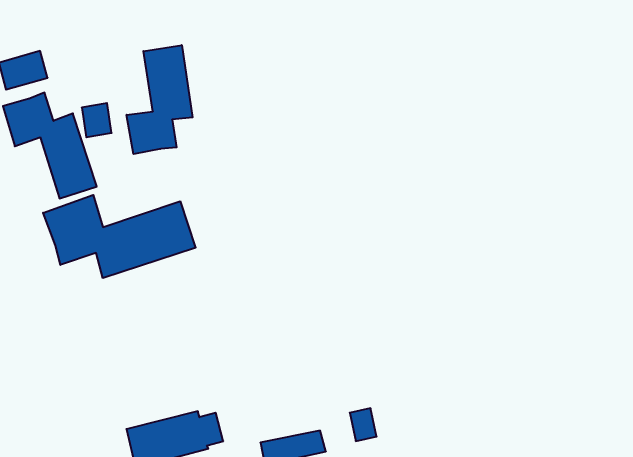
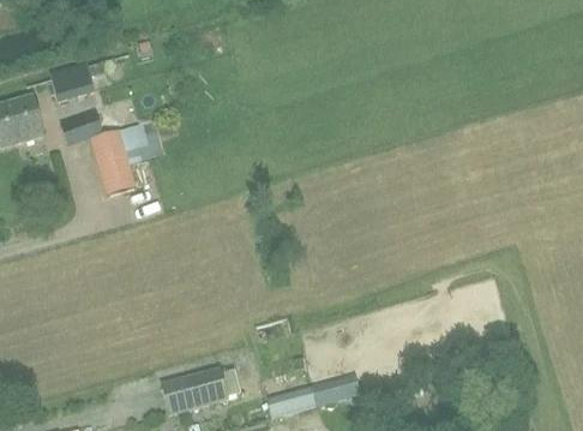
building: [127,45,193,154] -> none
building: [43,195,196,278] -> none

